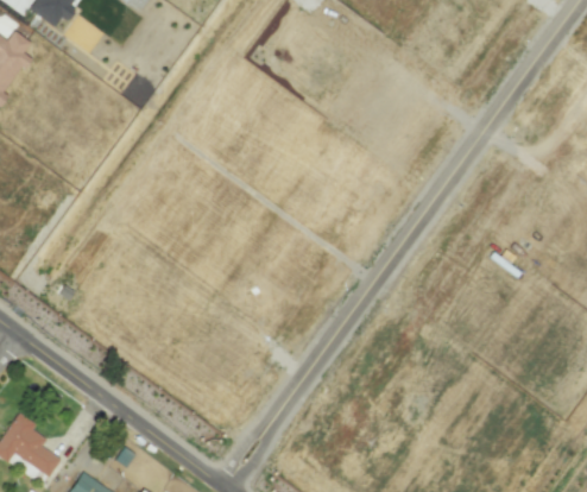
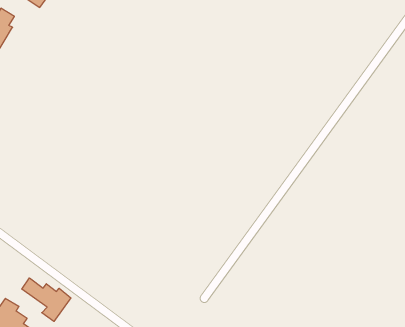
building: none -> [22,278,71,321]

